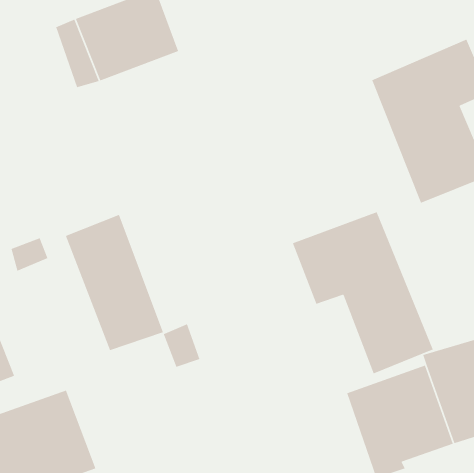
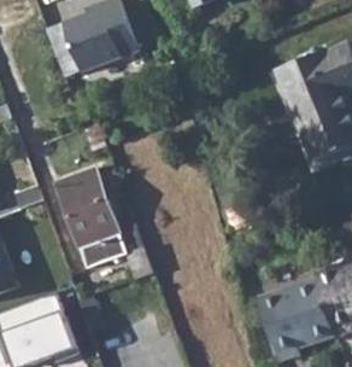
building: [292,211,434,374] -> none

